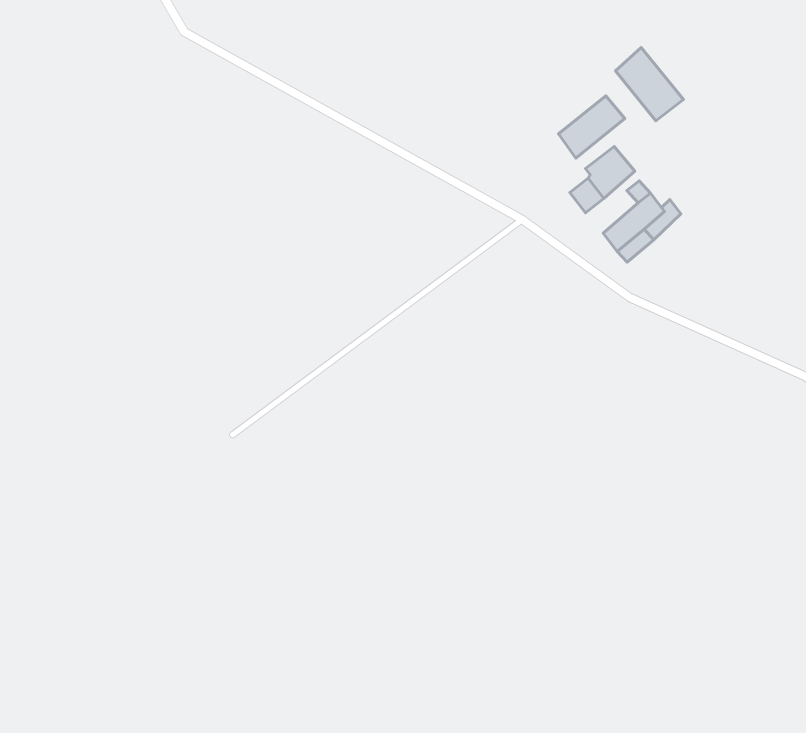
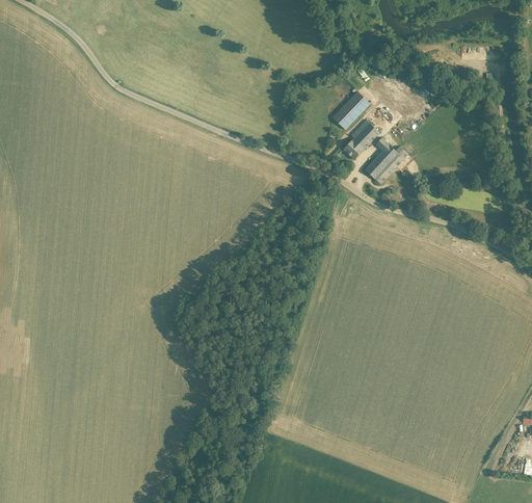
building: [615,47,683,121] -> none

